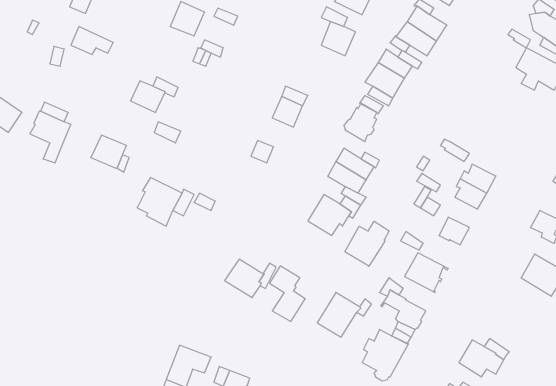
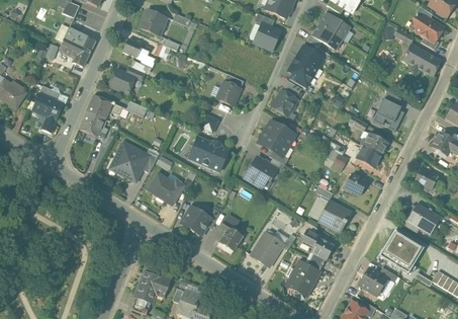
building: none -> [122,37,155,67]
building: none -> [59,42,91,67]
building: none -> [372,90,404,131]
building: none -> [86,93,123,118]
building: none -> [188,137,228,171]
building: none -> [147,172,192,203]
building: [345,221,389,266] -> none
building: none -> [377,229,425,273]

